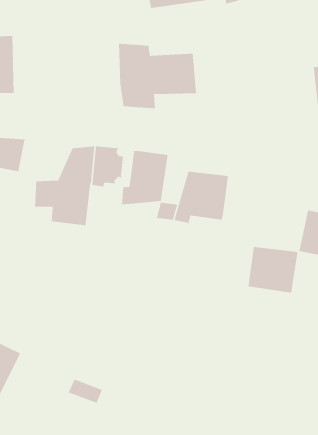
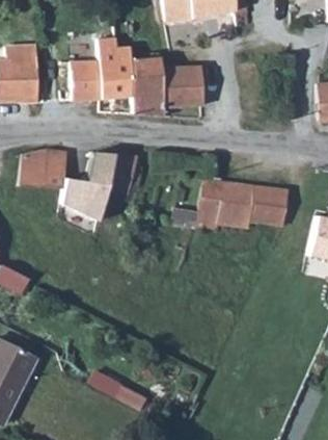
building: none -> [76,46,137,100]
building: [121,150,169,205] -> none
building: [248,246,299,293] -> [235,183,282,228]

